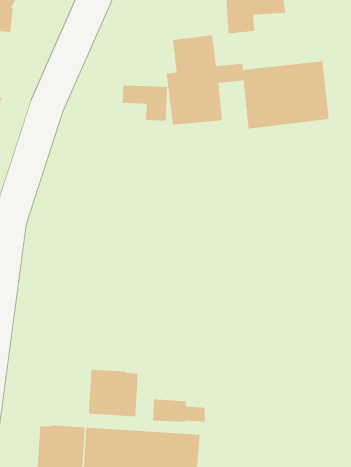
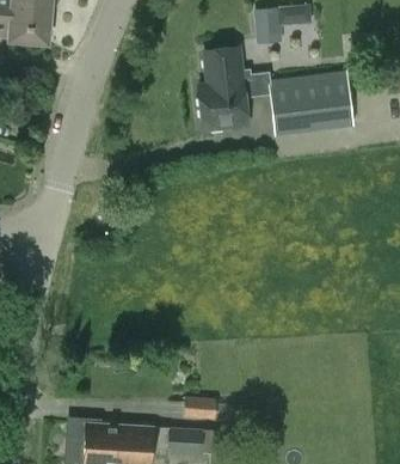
building: [122,85,167,122] -> none
building: [89,369,138,417] -> none

